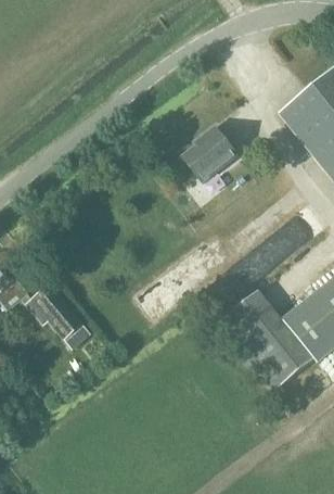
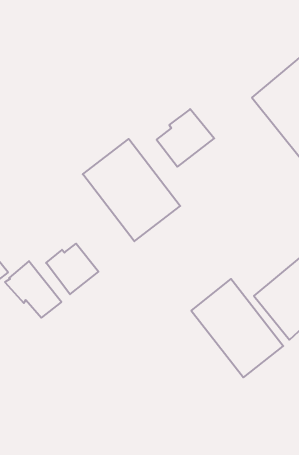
building: none -> [83,139,180,241]
building: none -> [46,244,98,294]

